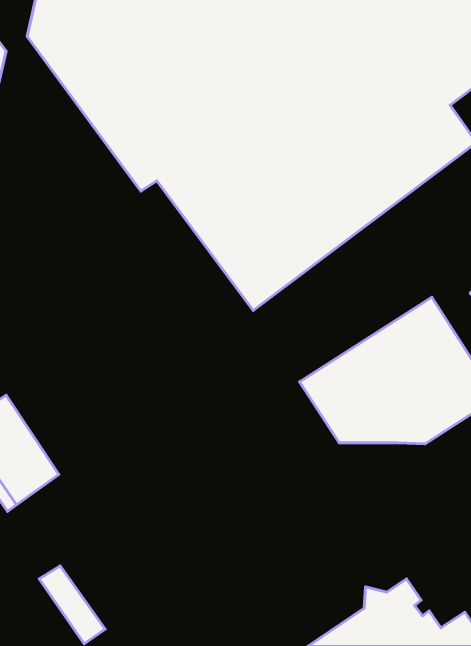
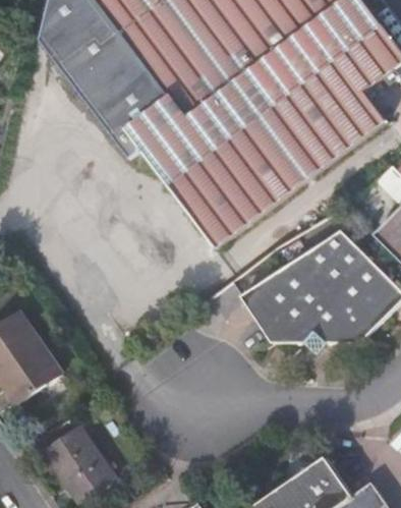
building: none -> [62,429,117,492]

